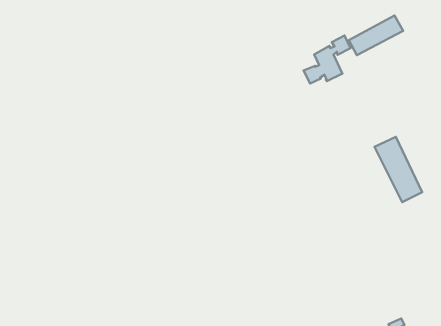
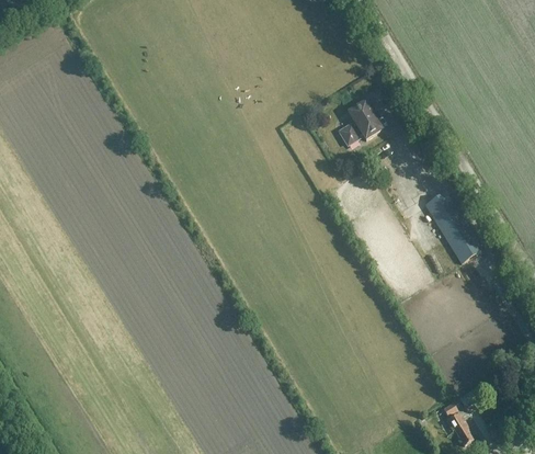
building: [349,15,403,55] -> none

